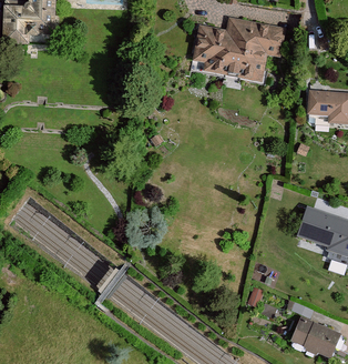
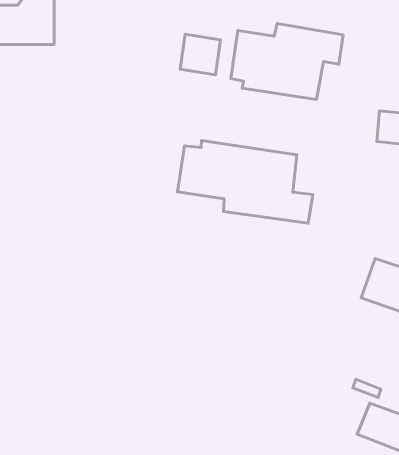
building: none -> [180,34,221,75]
building: none -> [177,141,313,223]

